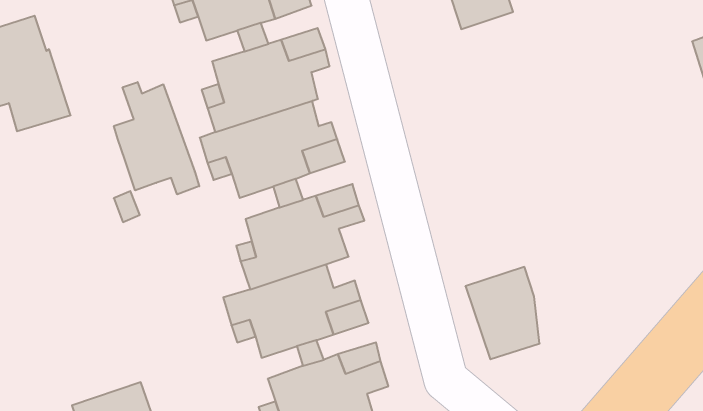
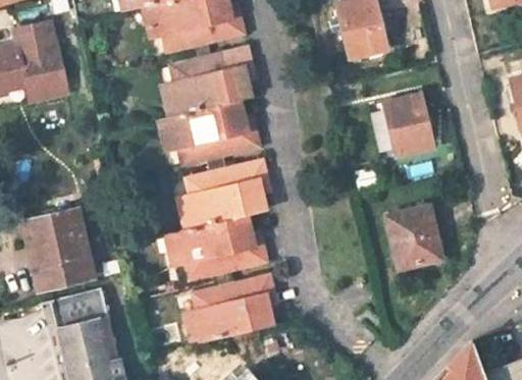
building: none -> [384,94,435,158]
building: [114,82,199,194] -> none
building: [465,267,540,359] -> [386,206,435,269]
building: none -> [21,209,94,290]

